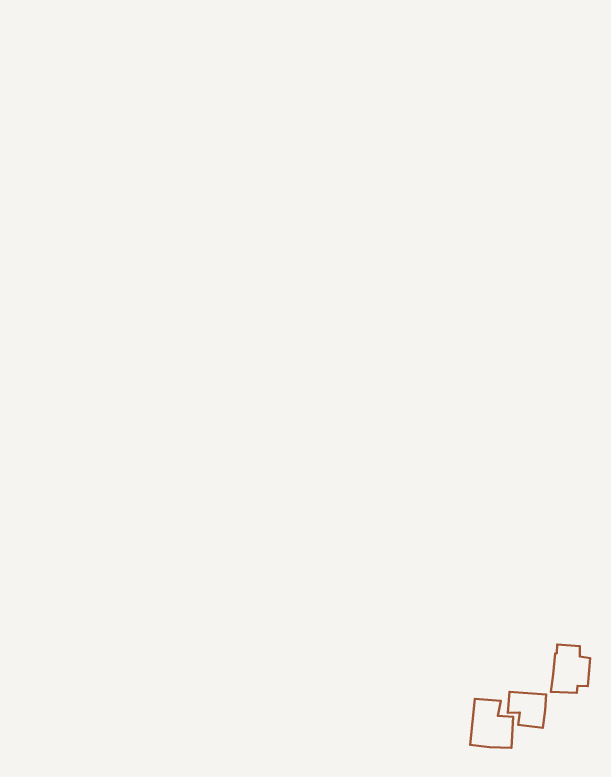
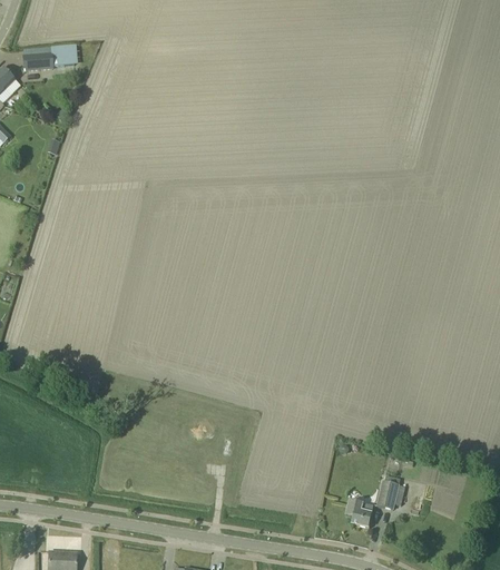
building: [470,699,513,748] -> none

